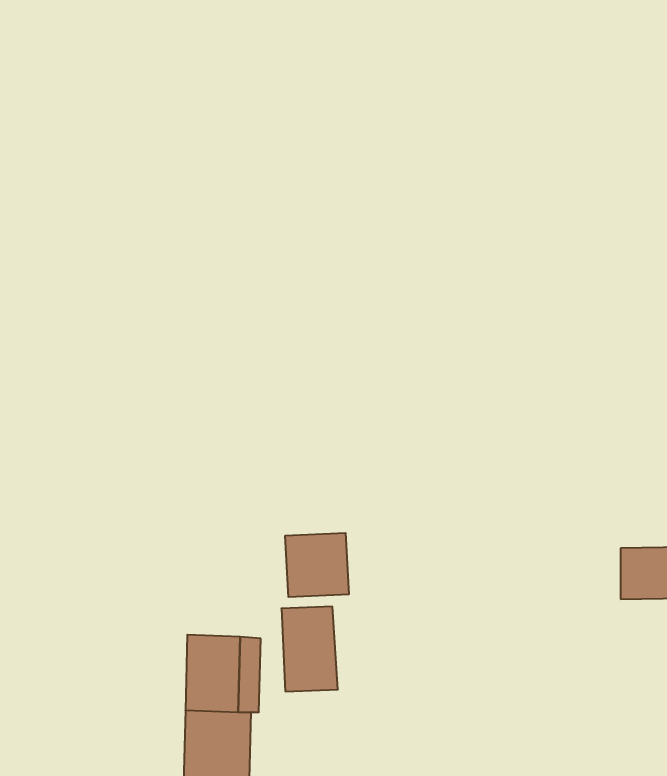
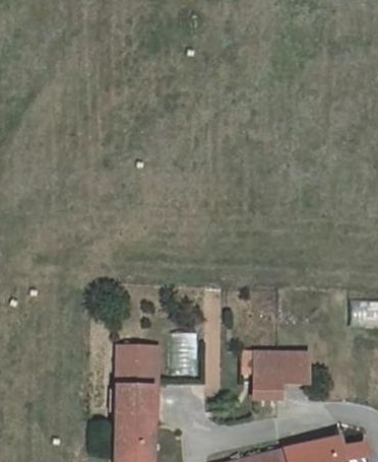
building: [285,533,349,597] -> none
building: none -> [254,353,308,398]

